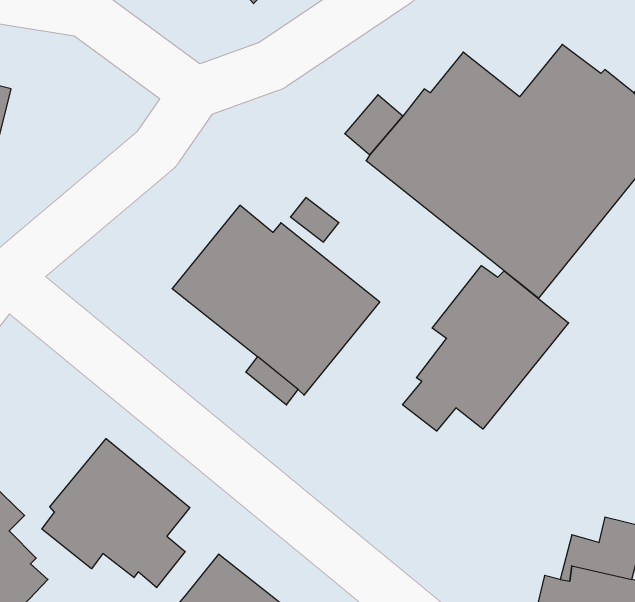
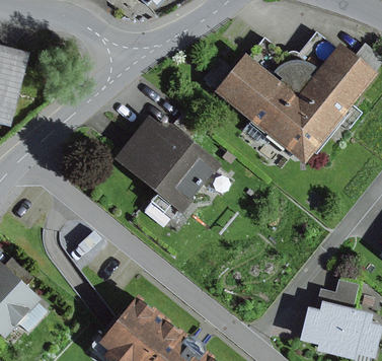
building: [403,266,569,431] -> none
building: [42,439,190,588] -> none

